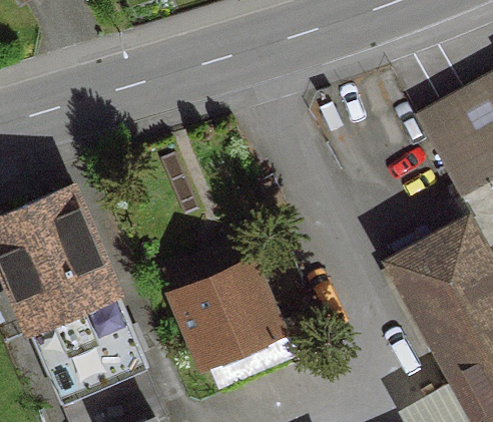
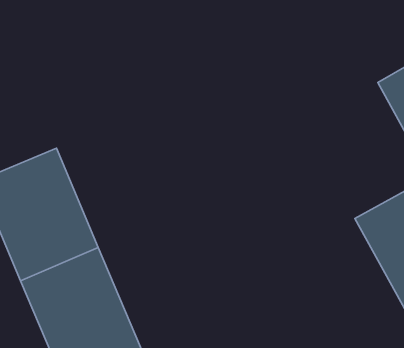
building: [163,241,275,363] -> none

